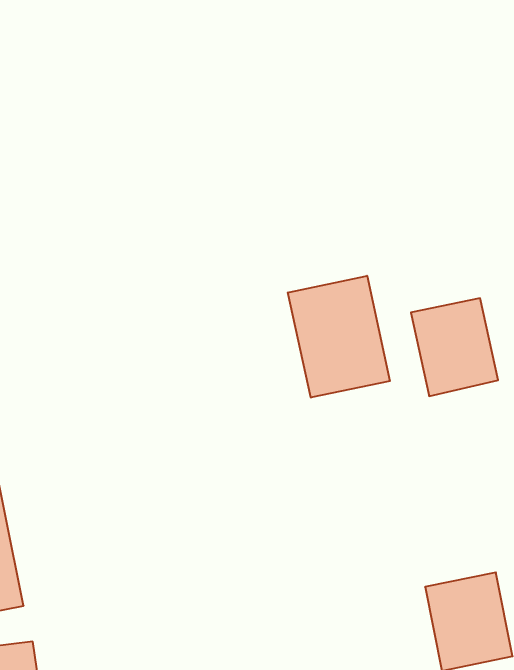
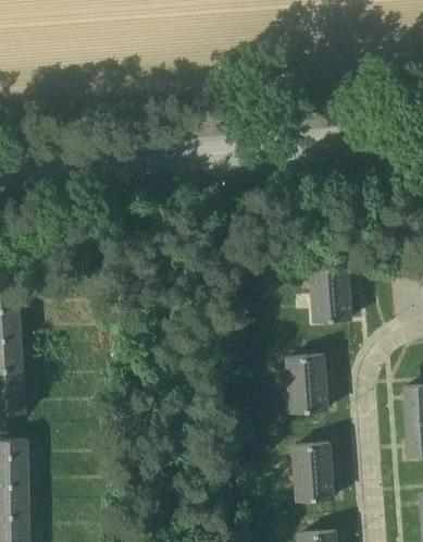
building: [288,276,390,398] -> none
building: none -> [281,357,329,415]

